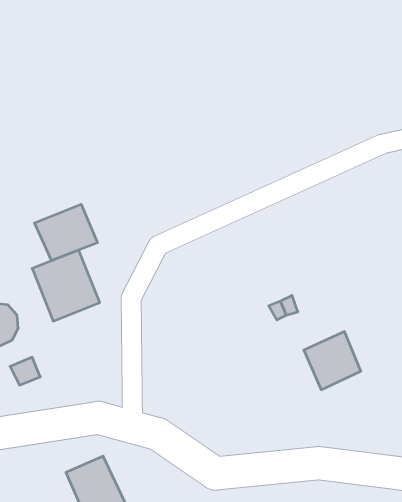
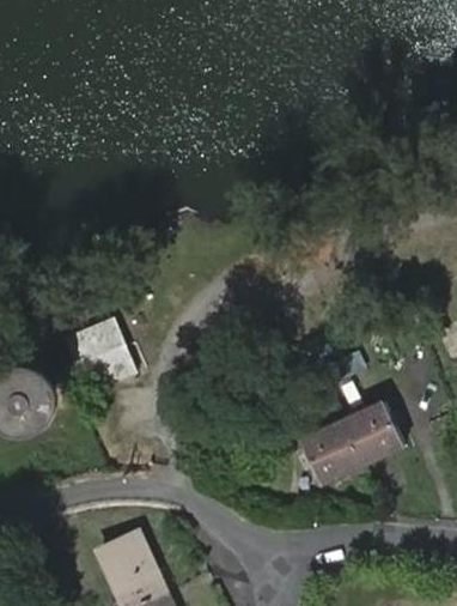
building: [34,204,97,261] -> none
building: none -> [301,422,361,480]

